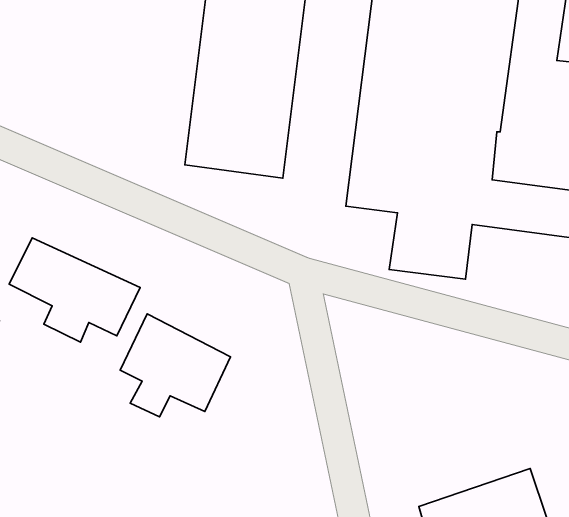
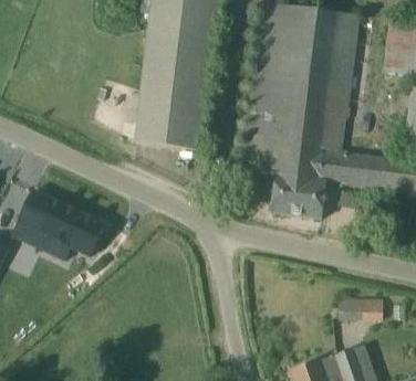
building: [120,314,231,417] -> none
building: none -> [339,297,383,320]

